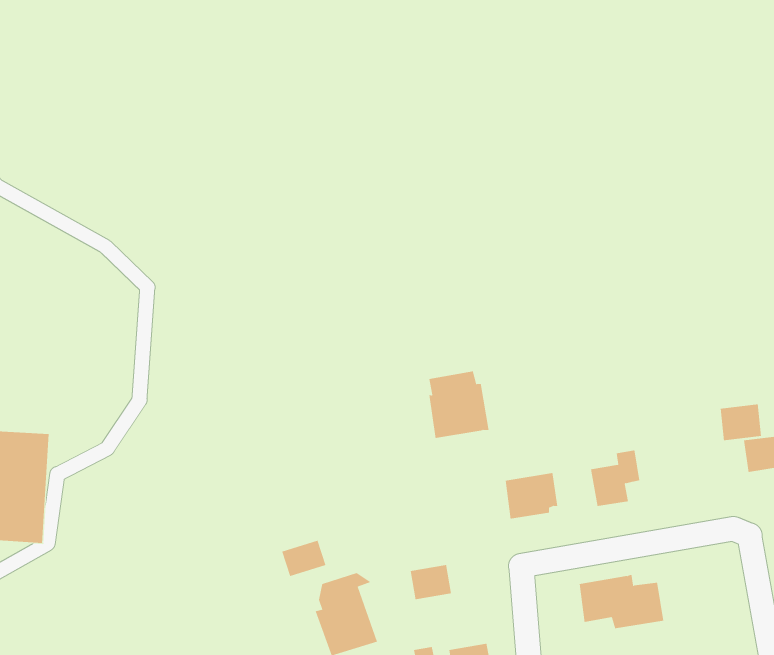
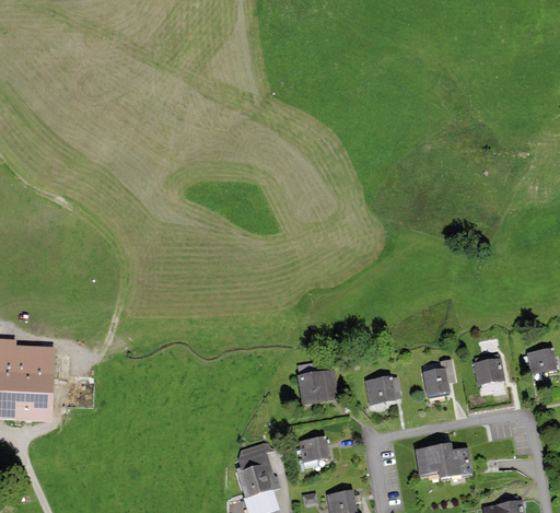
building: [428,371,490,438] -> [298,359,339,405]
building: [720,404,762,441] -> [475,359,503,384]
building: [282,540,326,577] -> none

